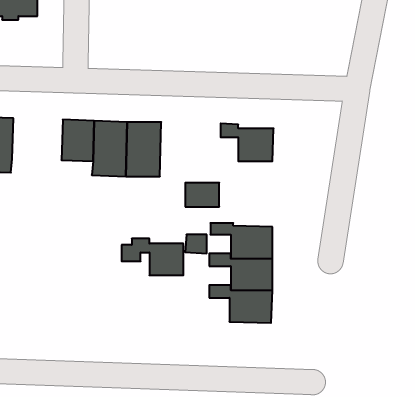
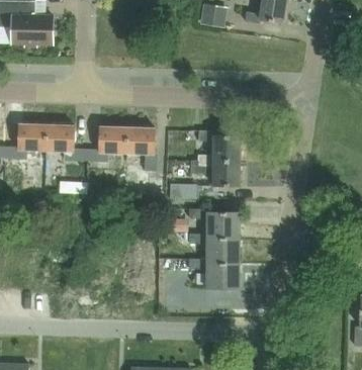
building: none -> [31,125,58,159]
building: [122,239,183,275] -> [190,156,240,185]

